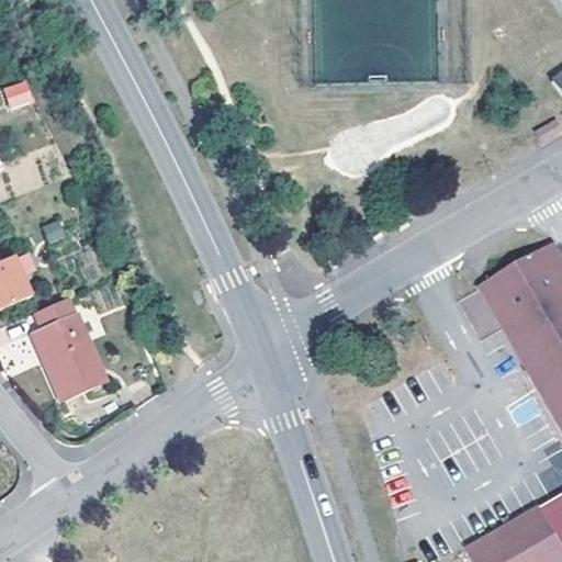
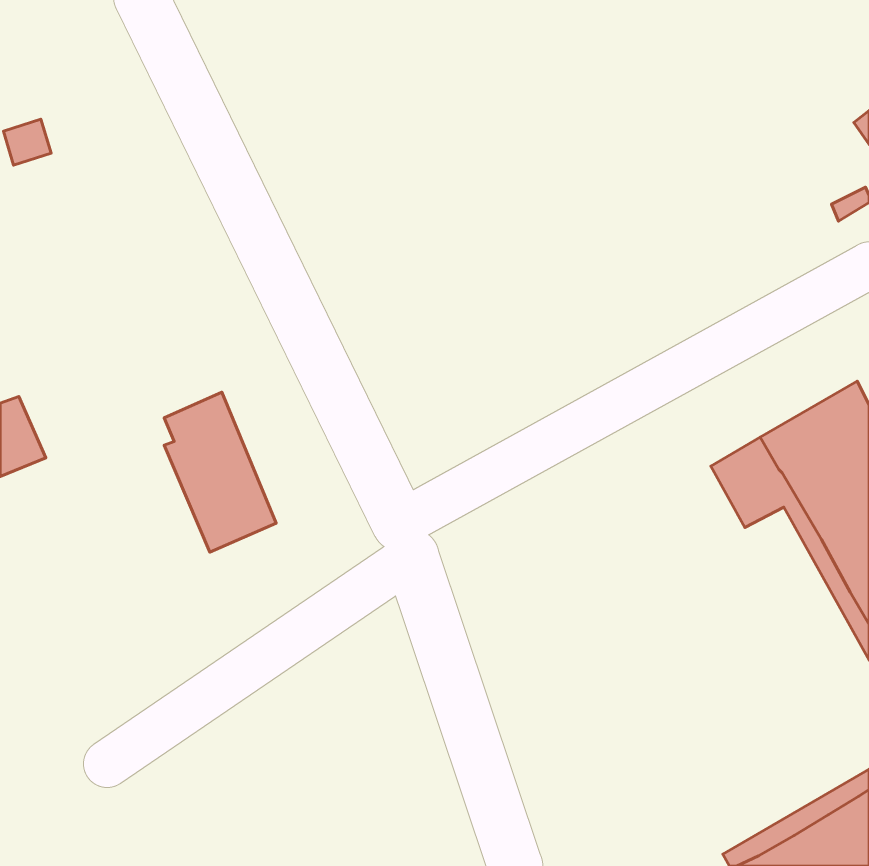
building: [32,296,104,400] -> [164,392,276,552]

